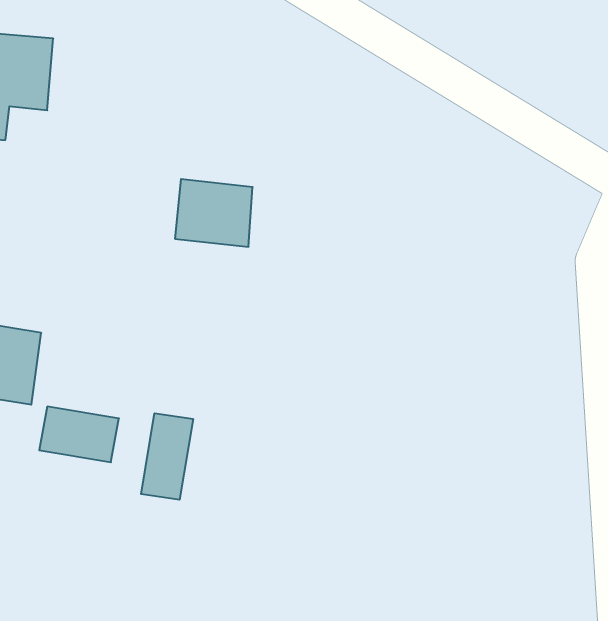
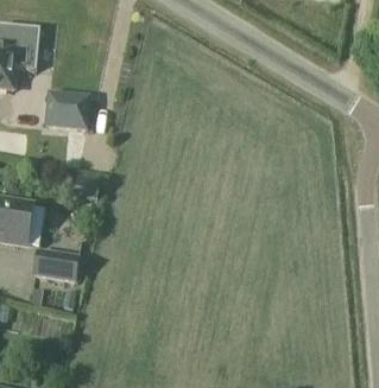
building: [175,179,253,247] -> [45,90,91,131]
building: [141,413,193,500] -> none

